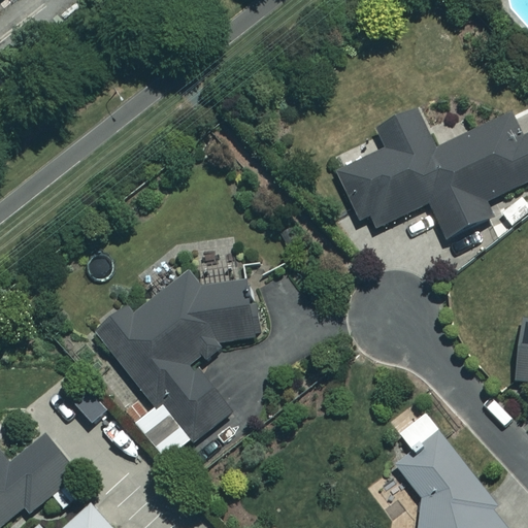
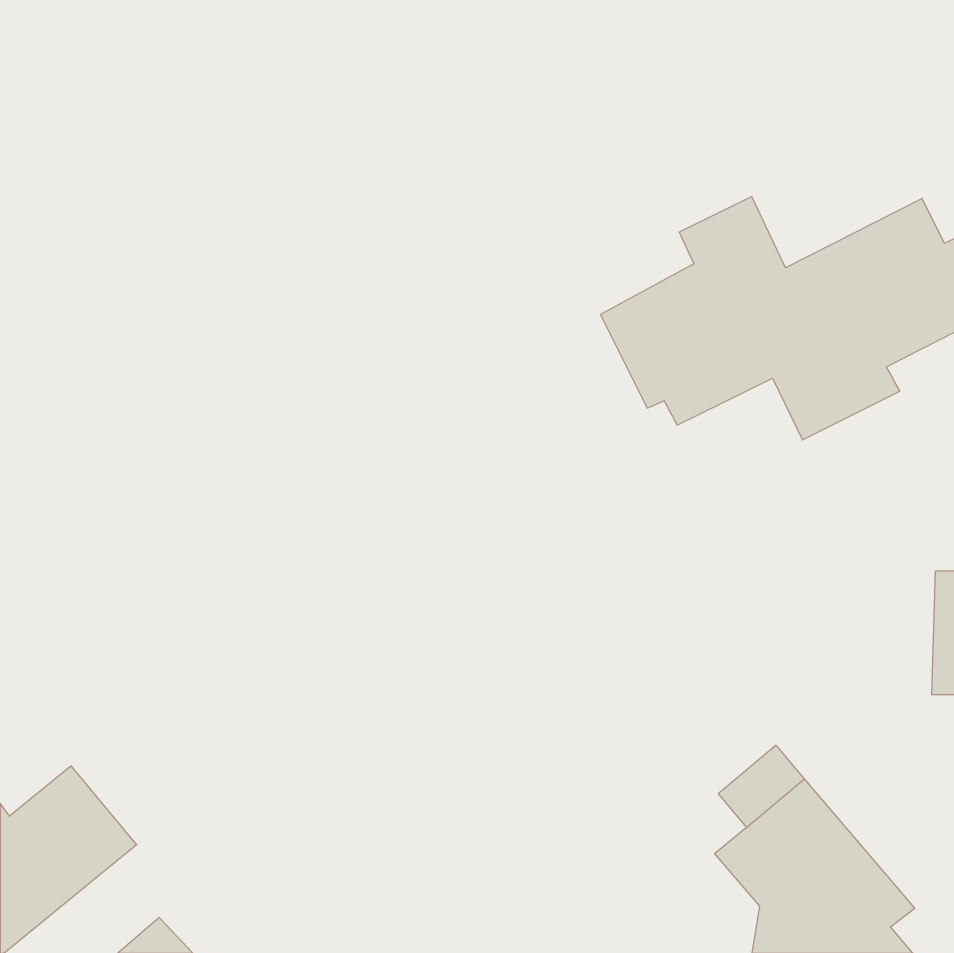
building: [93,282,256,462] -> none

